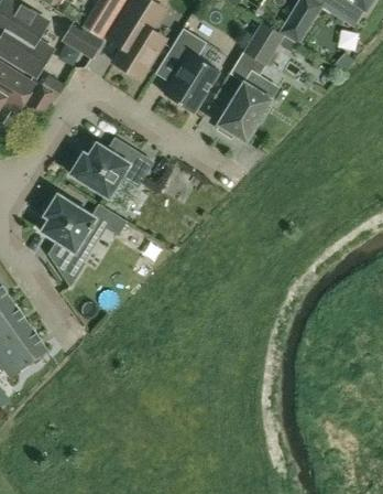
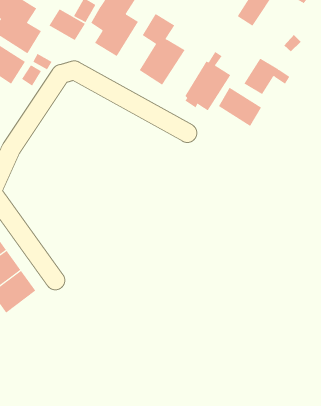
building: [243,22,297,65] -> [244,58,290,95]
building: none -> [218,87,262,127]
building: [69,139,152,197] -> none
building: [41,194,125,284] -> none

